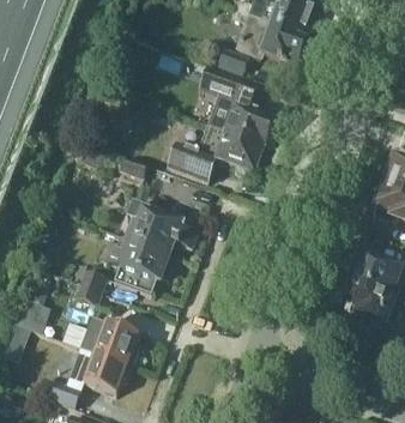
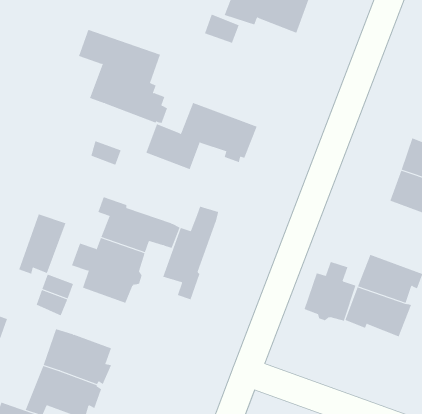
building: [199,64,276,144] -> [78,29,168,123]
building: none -> [163,206,219,300]
building: none -> [19,214,66,275]
building: none -> [304,261,356,322]

